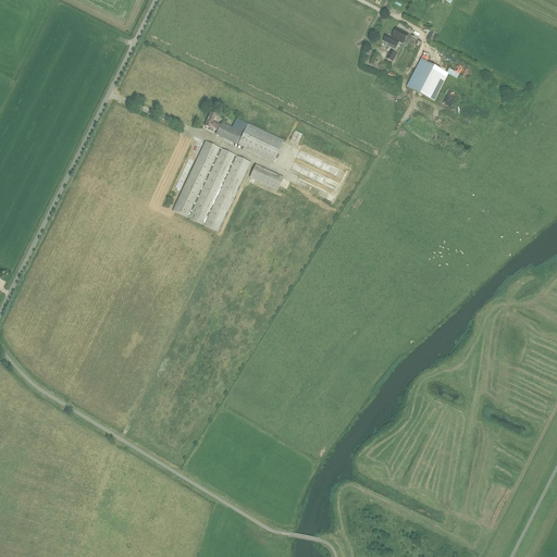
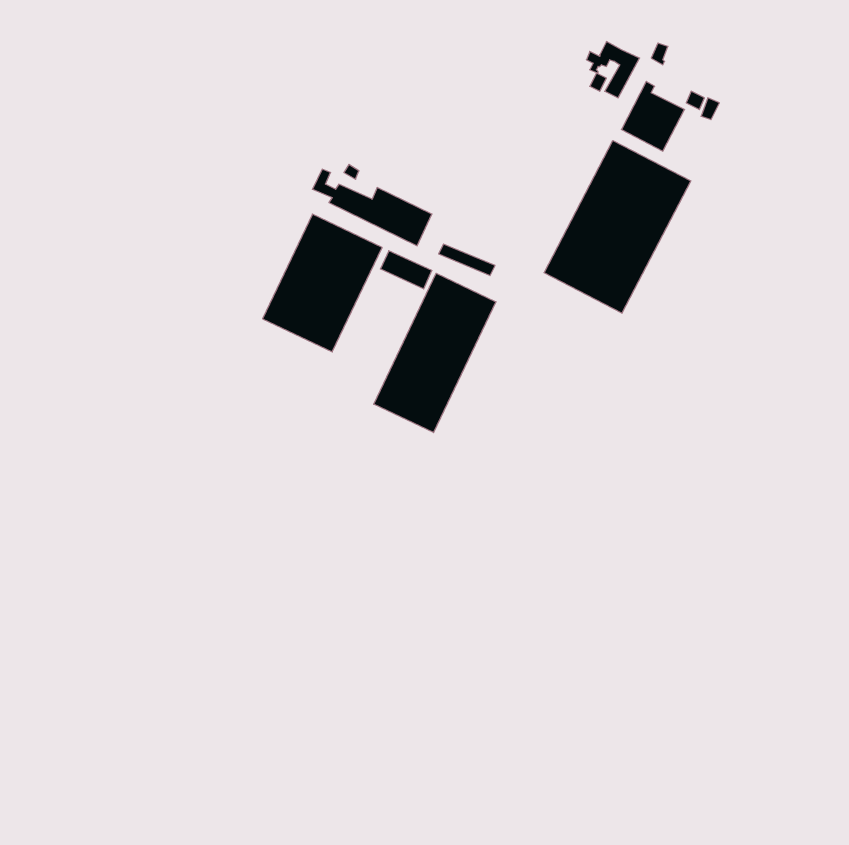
building: none -> [544,141,691,313]
building: none -> [374,273,496,433]

